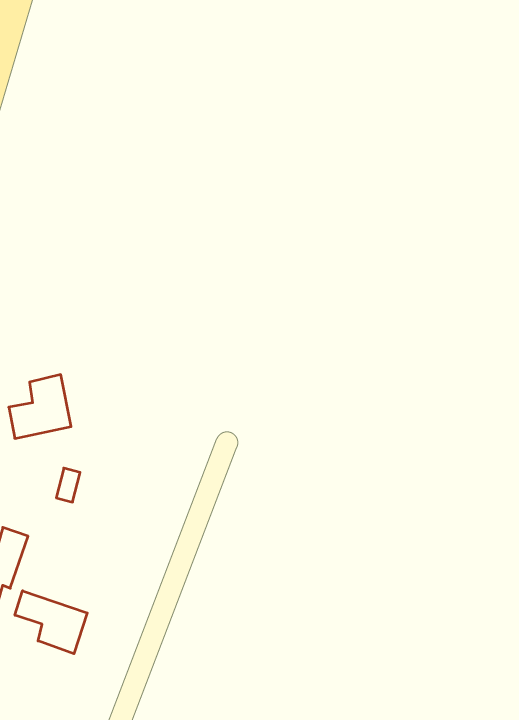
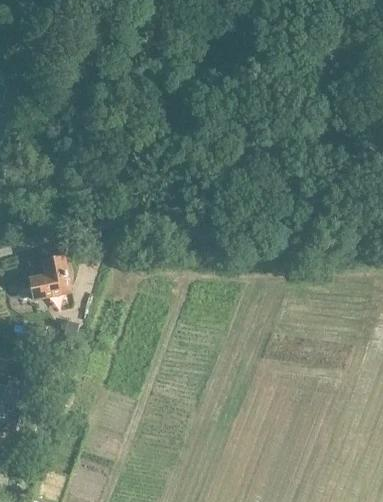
building: [15,591,87,654] -> none

